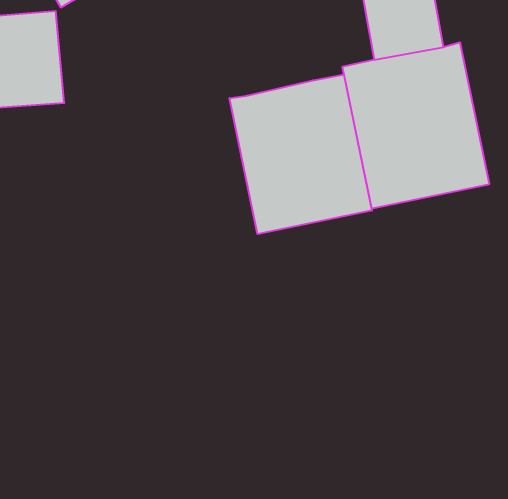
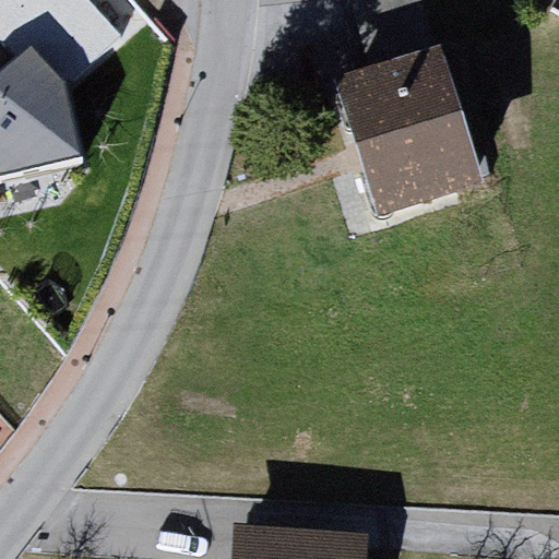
building: [230,75,372,234] -> none

